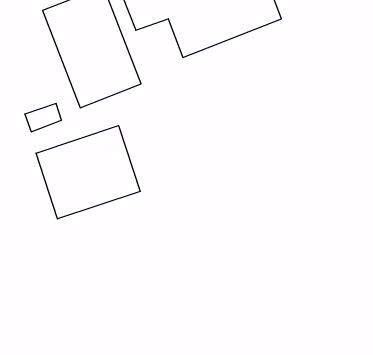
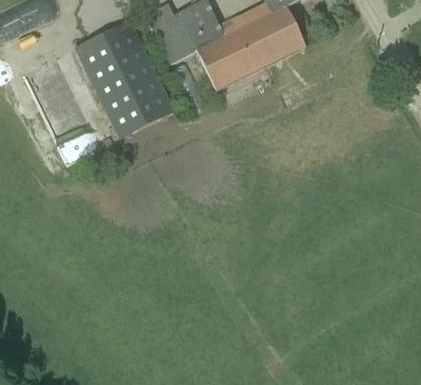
building: [36,126,140,219] -> none

